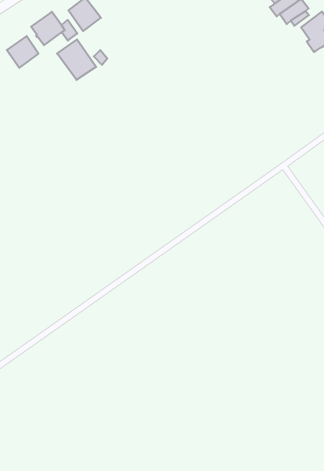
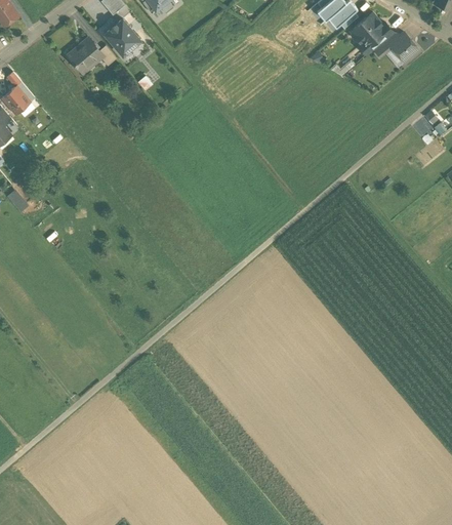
building: [7,36,38,68] -> none
building: [57,39,96,80] -> none

